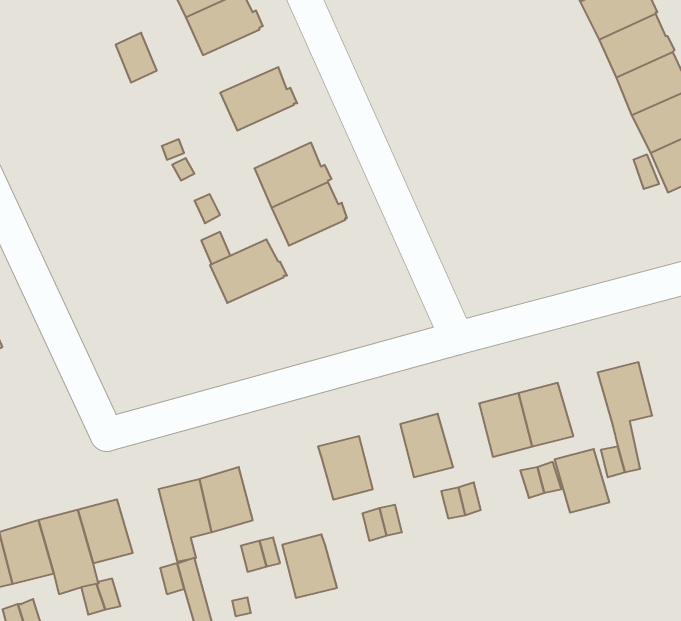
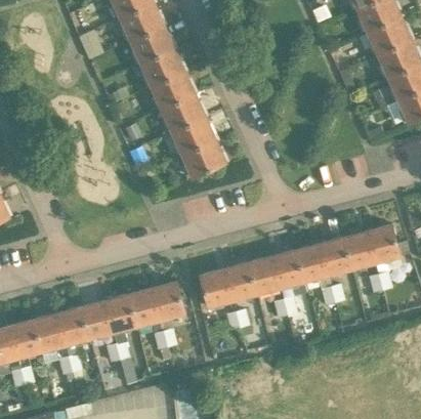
building: none -> [130,27,176,65]
building: none -> [151,72,197,110]
building: [210,239,287,303] -> [181,140,227,178]
building: none -> [270,250,303,288]
building: none -> [223,262,256,301]
building: [555,449,609,513] -> [342,232,375,269]
building: none -> [79,301,112,339]
building: [282,534,337,598] -> [152,282,184,320]

